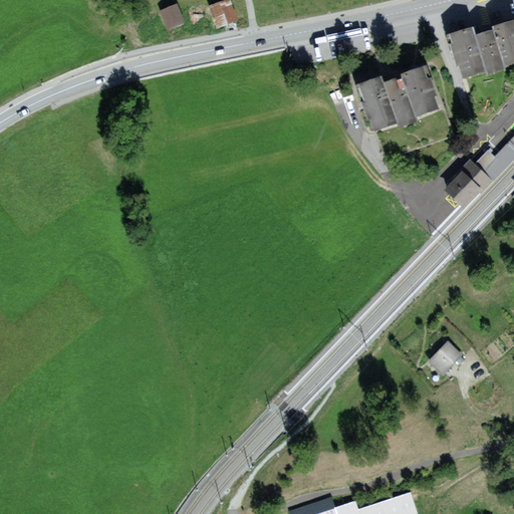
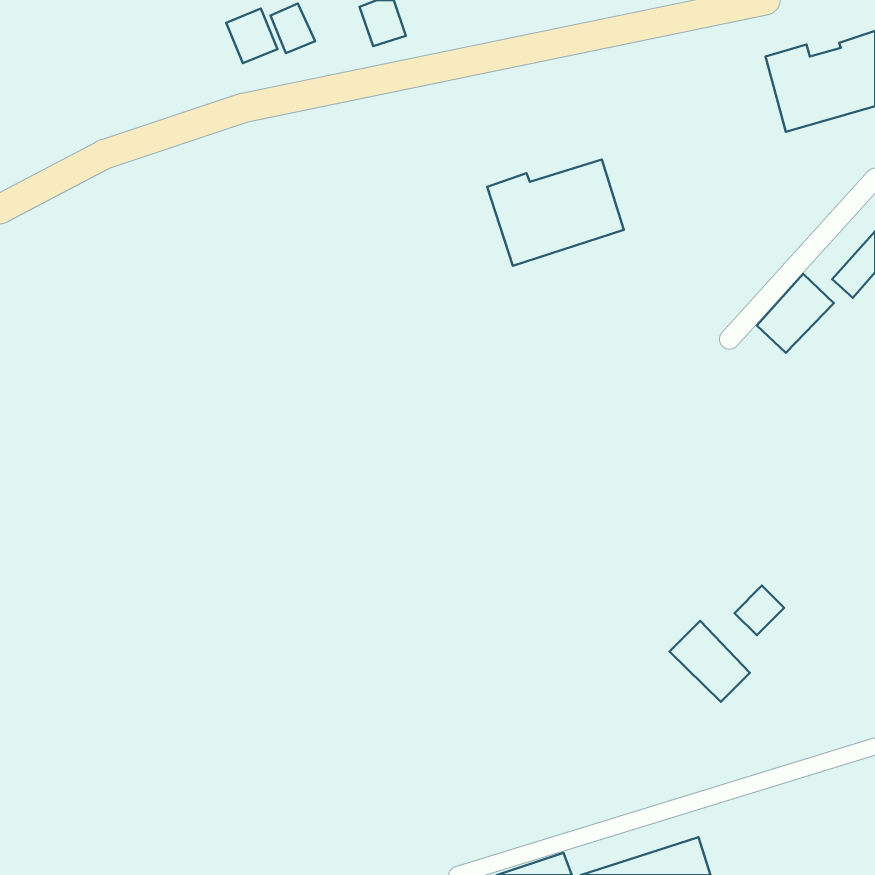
building: none -> [226,9,278,63]
building: [357,66,438,128] -> [487,160,624,266]
building: none -> [669,621,750,702]

